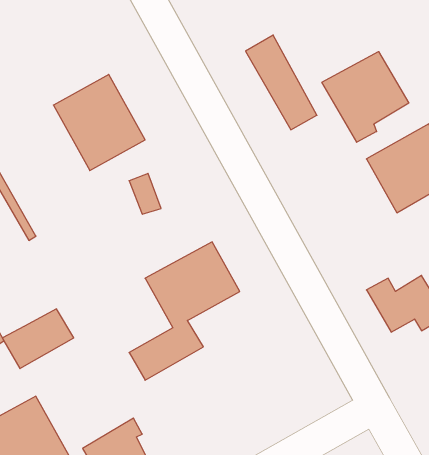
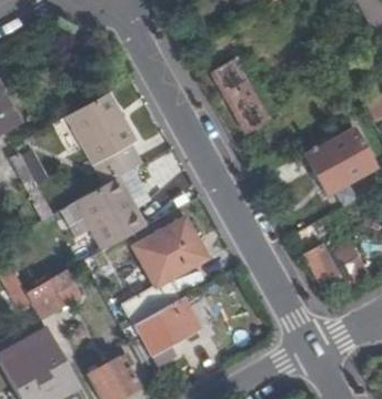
building: [322,52,409,142] -> none
building: none -> [73,177,144,250]
building: none -> [134,297,199,364]

